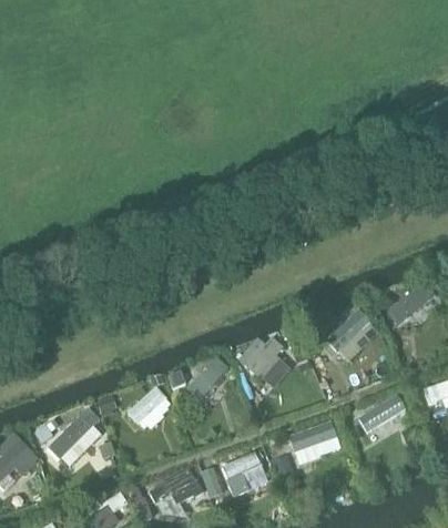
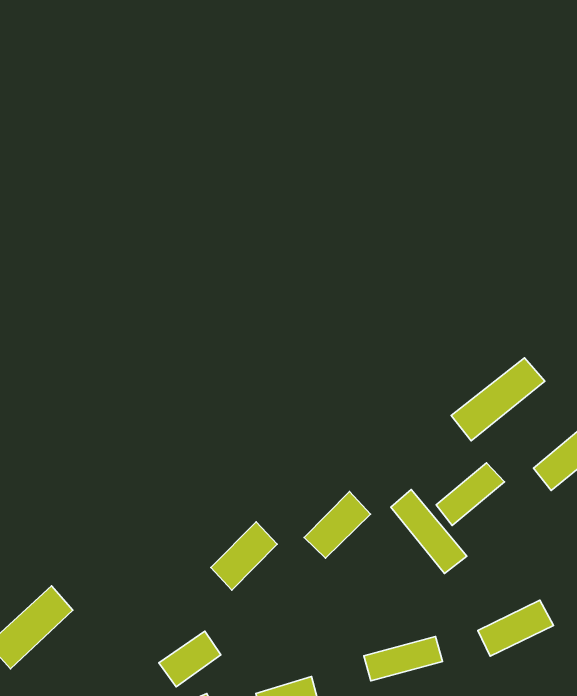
building: none -> [451,358,545,441]
building: none -> [391,490,467,573]
building: [128,388,166,425] -> [159,631,221,687]

